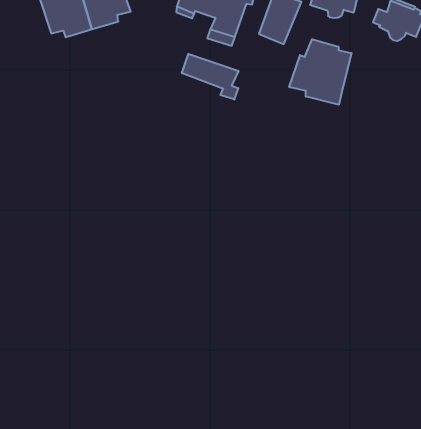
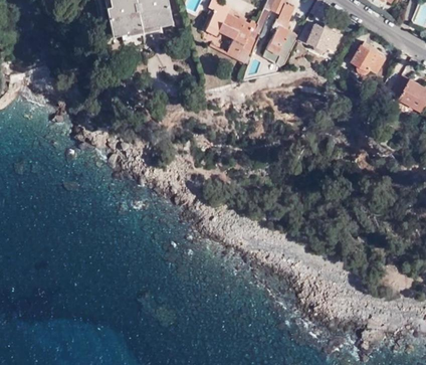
building: [289,39,352,105] -> none
building: [182,54,238,100] -> none

